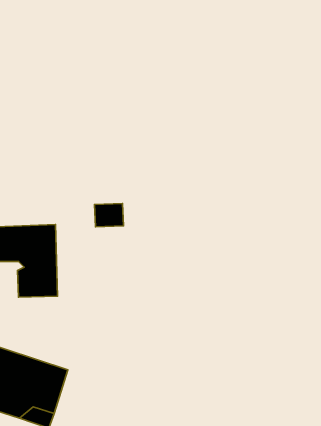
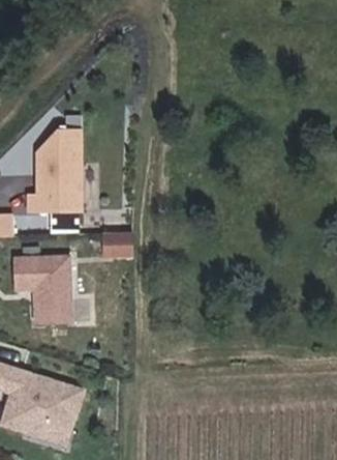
building: none -> [31,128,84,212]

